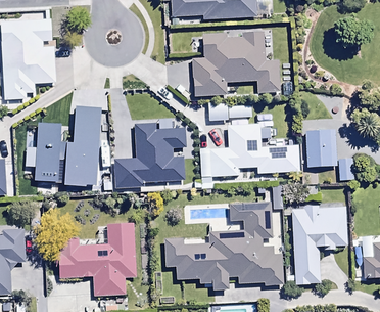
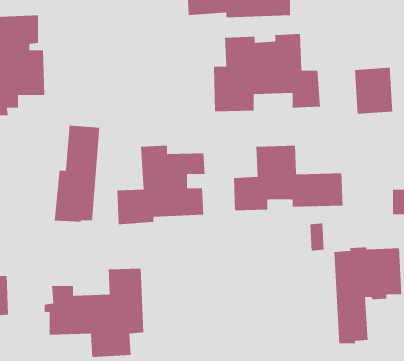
building: [34,124,64,182] -> none
building: [305,129,337,168] -> [354,67,393,115]
building: [164,203,283,289] -> none

